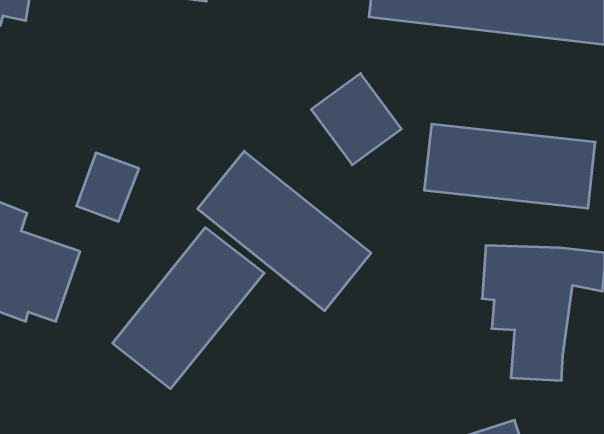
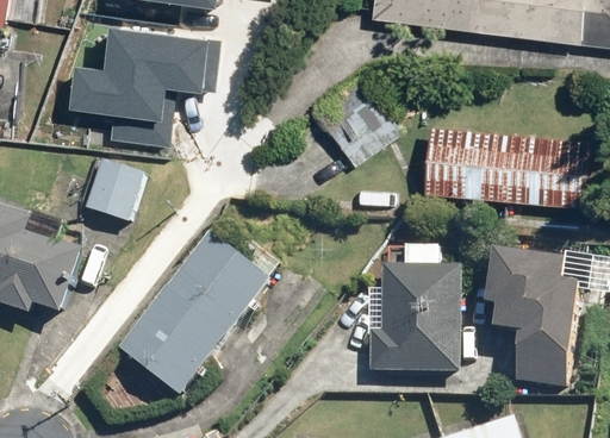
building: none -> [66,29,216,145]
building: [198,151,371,311] -> none
building: none -> [371,248,462,375]

